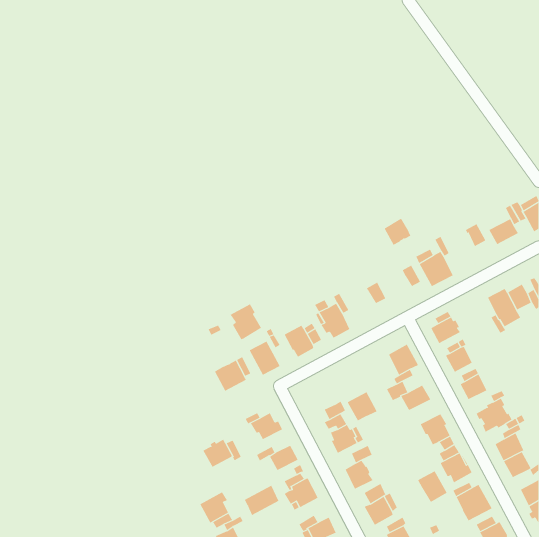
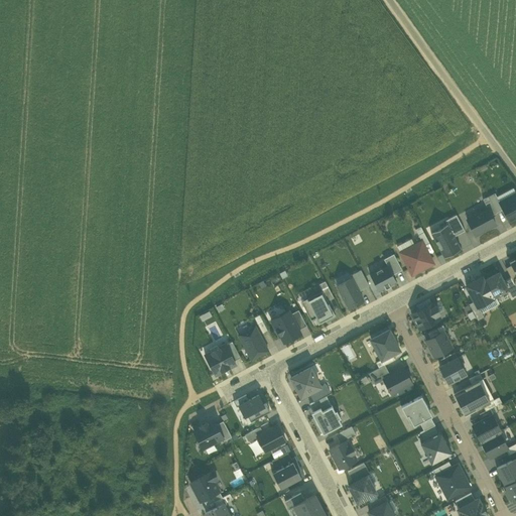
building: [384,218,411,245] -> [370,266,396,292]
building: none -> [430,225,461,259]
building: none -> [337,279,363,309]
building: [230,304,262,340] -> none
building: [347,391,377,421] -> [291,369,320,397]
building: [418,471,447,503] -> none
building: [244,485,279,516] -> none

